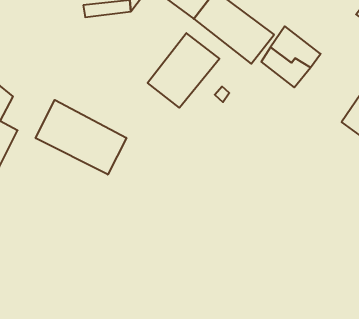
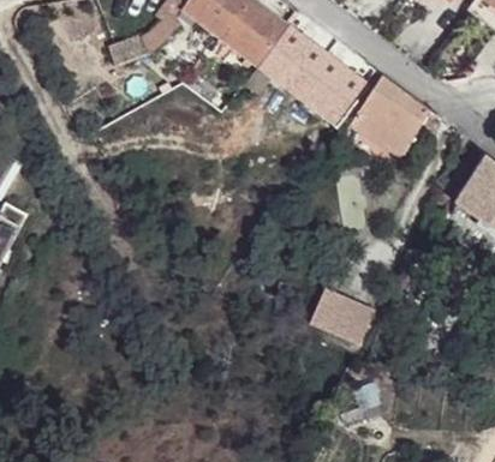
building: [148,33,219,108] -> none
building: [36,100,126,175] -> none
building: none -> [312,286,377,343]

